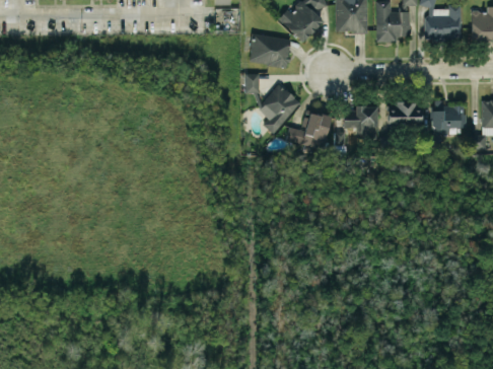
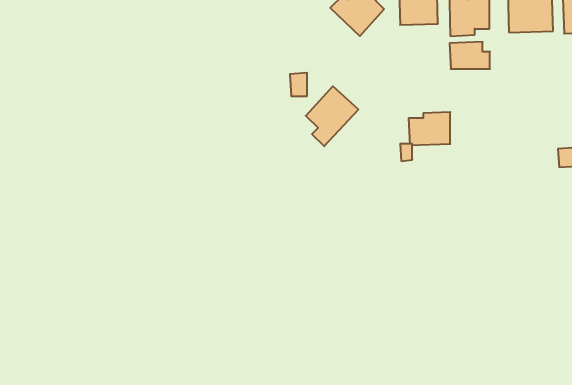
building: [249,33,291,67] -> none
building: [433,100,466,135] -> none
building: [388,101,421,124] -> [450,42,490,69]
building: [287,112,332,149] -> none

